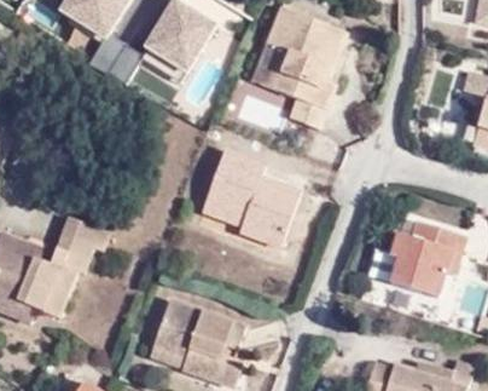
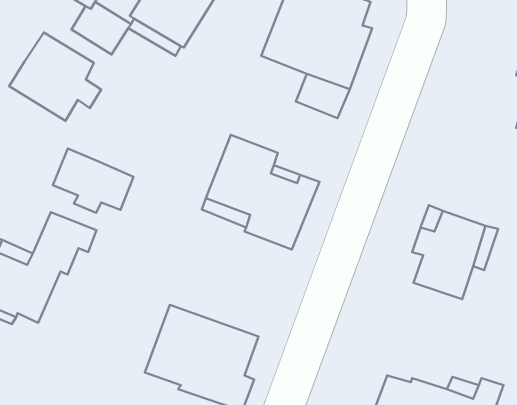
building: none -> [9,33,101,121]
building: none -> [53,148,134,213]

